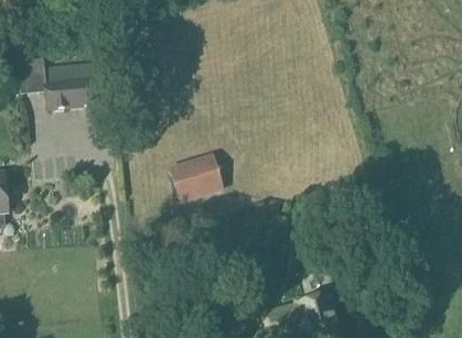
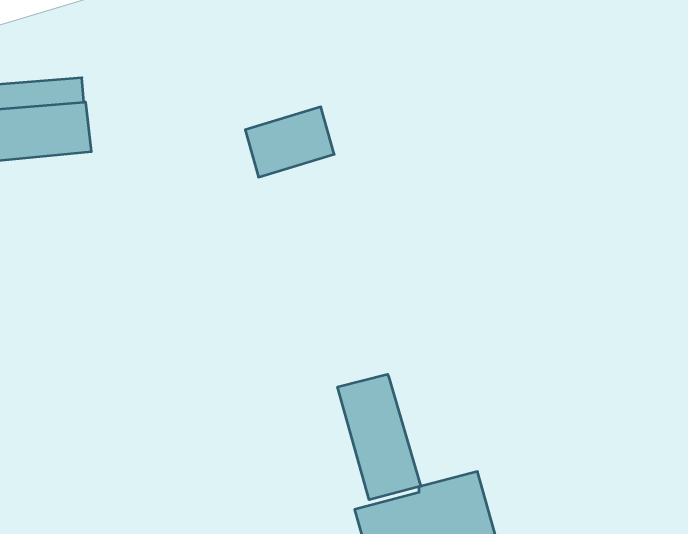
building: [169,156,221,197] -> [245,107,334,177]
building: none -> [338,374,421,500]

